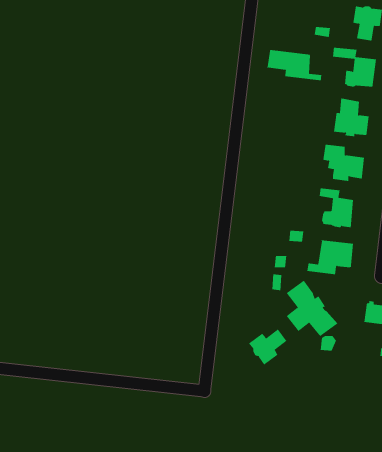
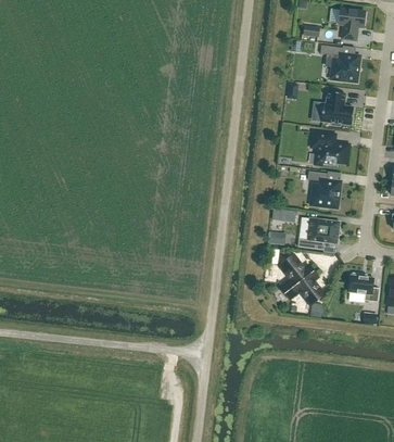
building: [267,49,322,81] -> none
building: [248,329,287,366] -> none

